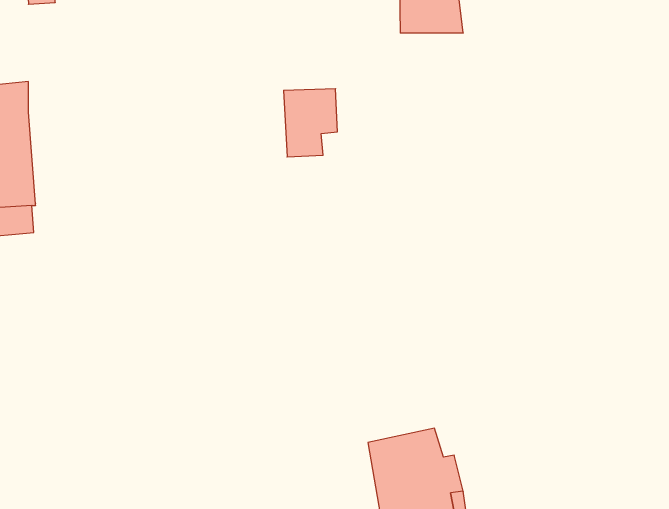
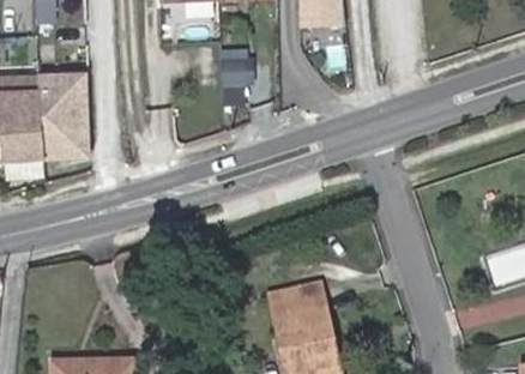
building: none -> [44,56,92,140]

